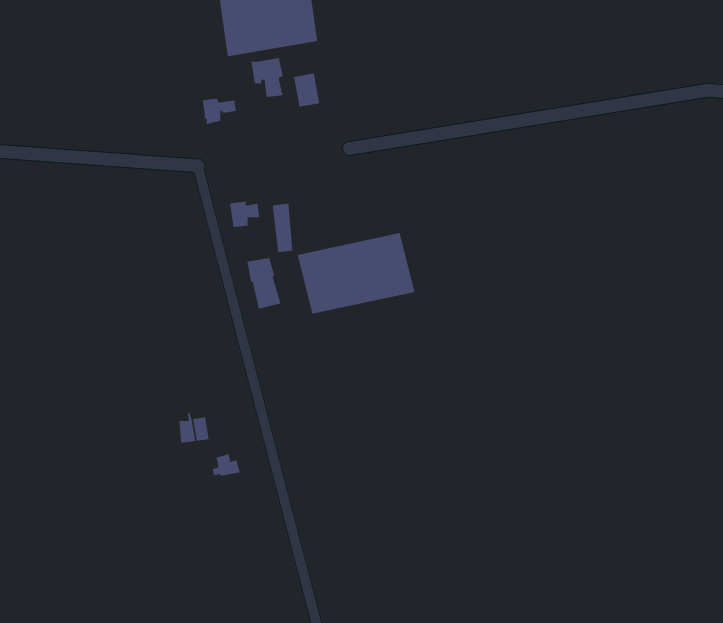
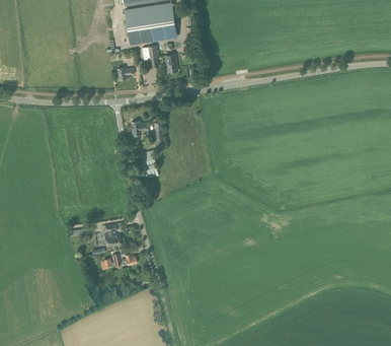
building: [297,232,415,315] -> none

